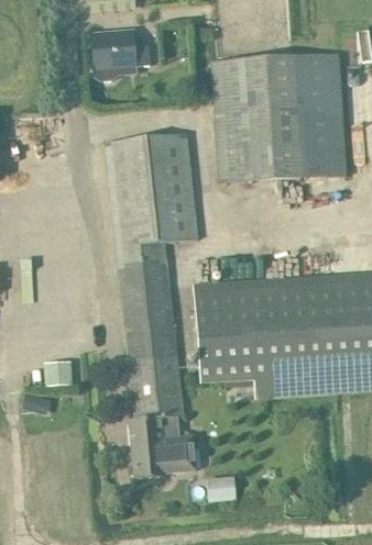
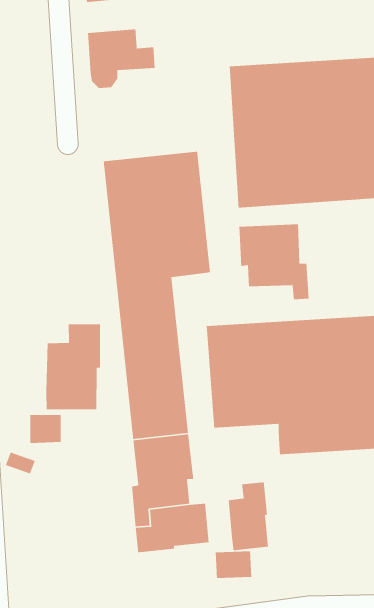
building: none -> [239,223,310,300]
building: none -> [46,324,101,410]
building: none -> [228,481,269,551]

